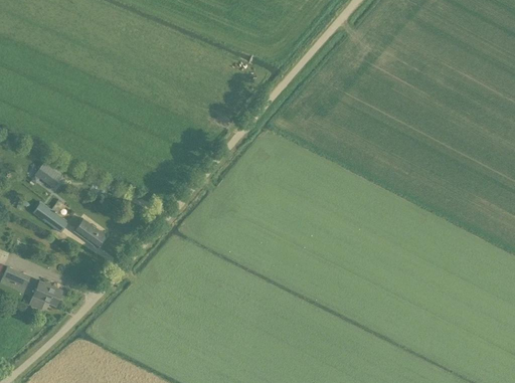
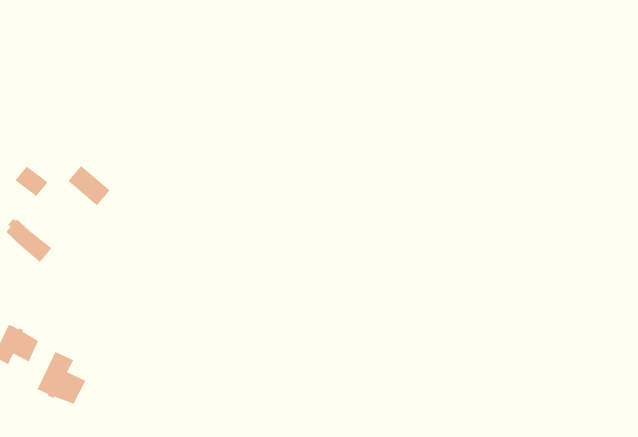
building: [73,219,106,248] -> [67,165,111,206]
building: none -> [37,351,86,405]

